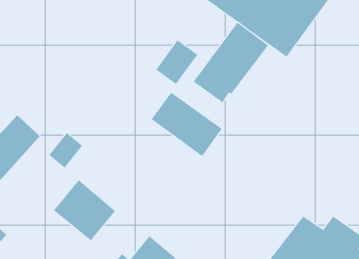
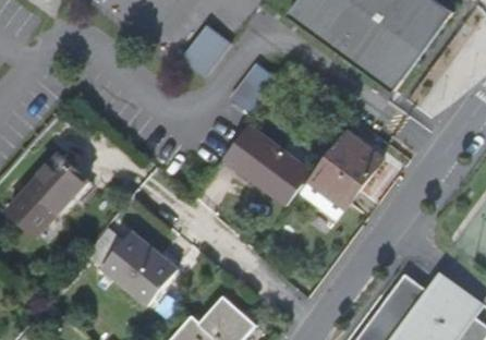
building: none -> [180,26,230,80]
building: [193,22,269,103] -> [293,131,385,229]
building: [48,132,83,168] -> [87,227,129,270]

